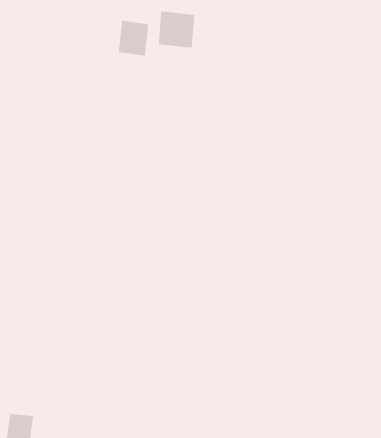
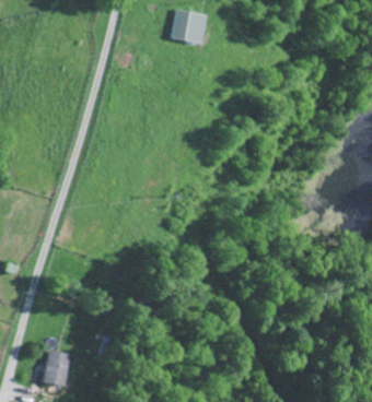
building: [118,20,149,56] -> none

